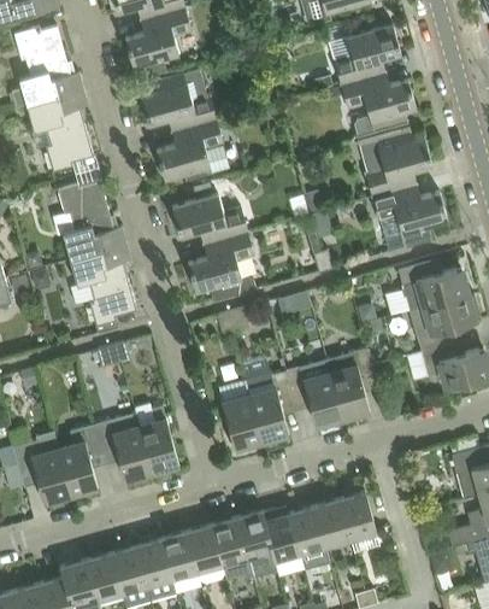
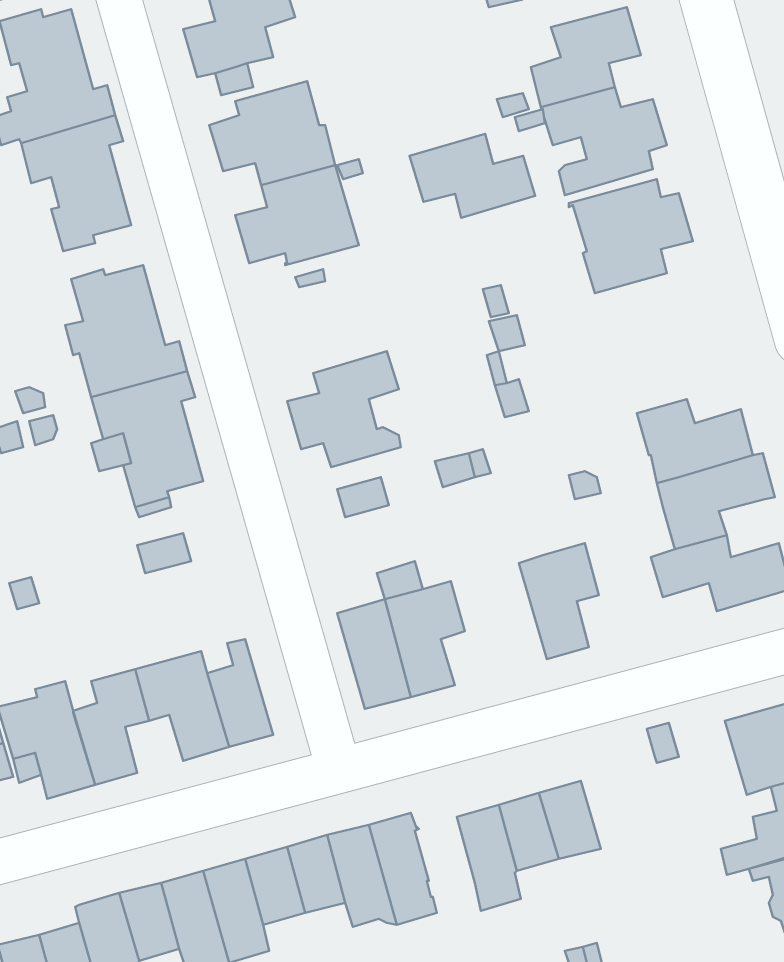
building: [373,186,448,248] -> none
building: [172,195,248,246] -> [409,134,535,218]
building: [287,361,344,426] -> none
building: [265,514,305,578] -> none

